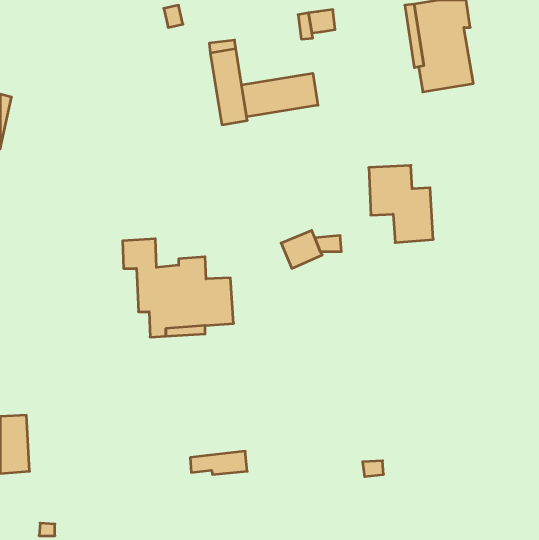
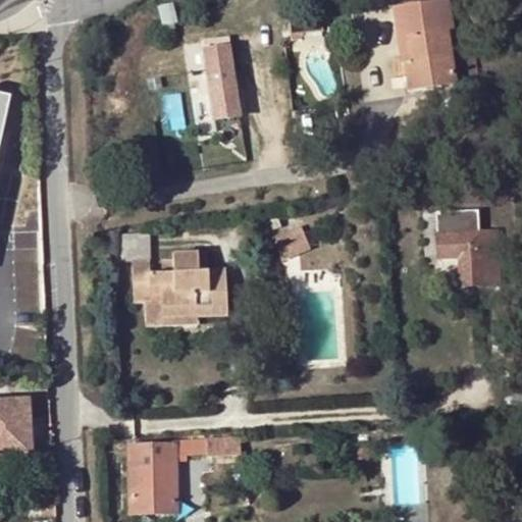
building: [242,73,318,117] -> none
building: [369,165,433,243] -> [435,210,498,284]
building: none -> [128,445,175,514]

